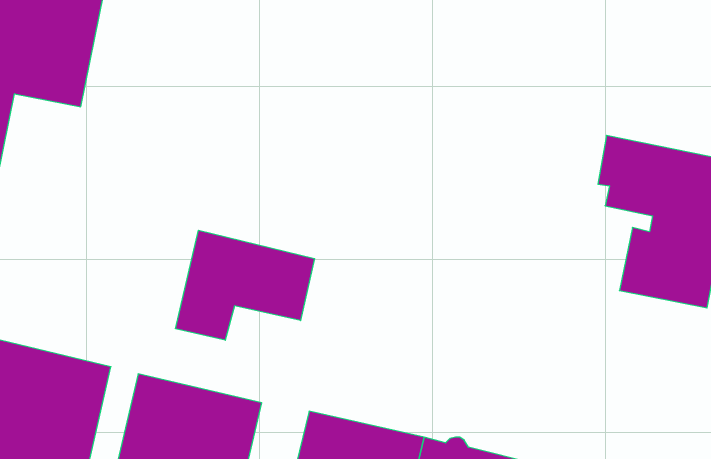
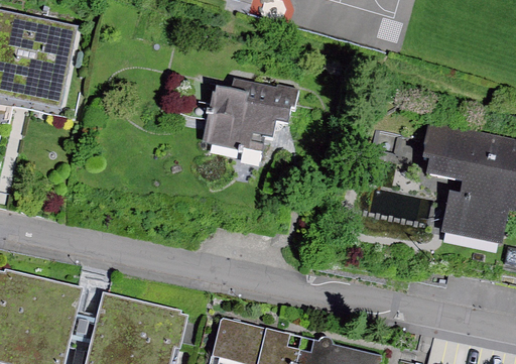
building: none -> [212,86,303,156]
building: [176,230,315,340] -> none

